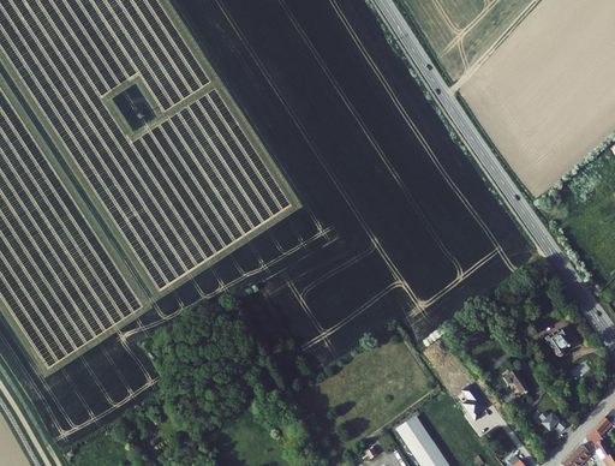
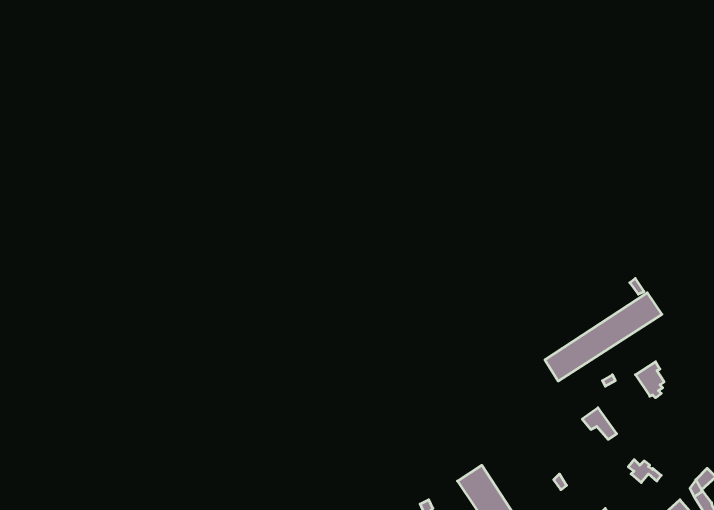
building: none -> [545,293,662,381]

